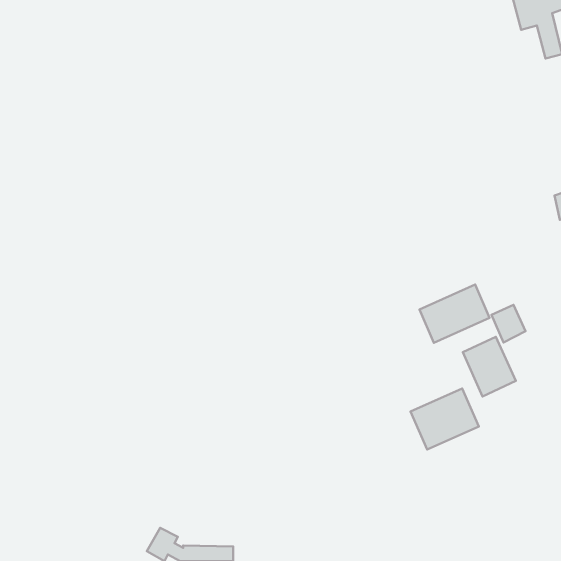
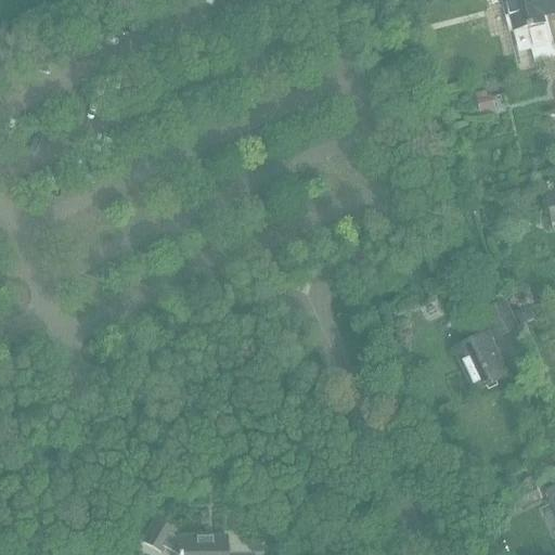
building: [419,284,489,343] -> none
building: [411,388,479,450] -> none

